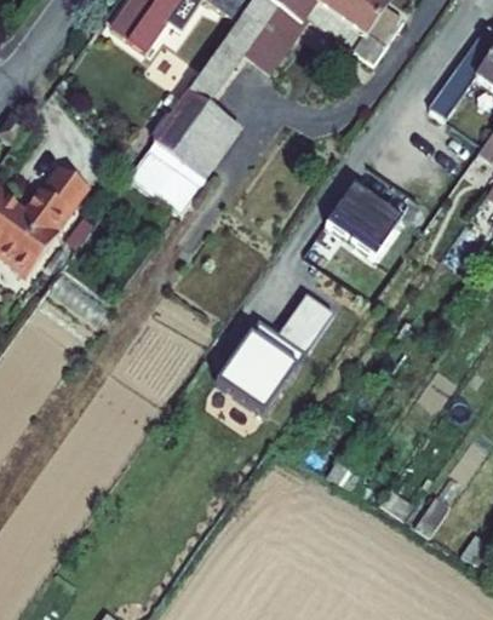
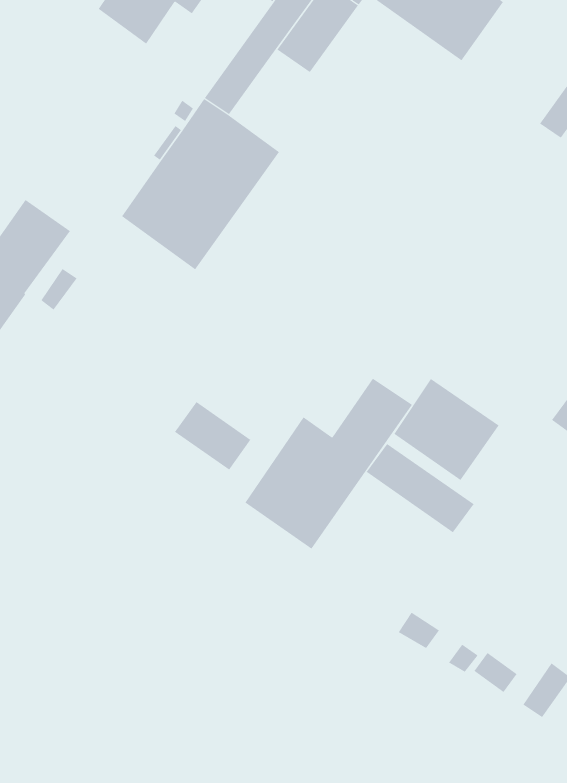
building: [326,183,402,257] -> [393,378,500,481]
building: none -> [174,401,251,470]
building: none -> [366,443,474,533]

